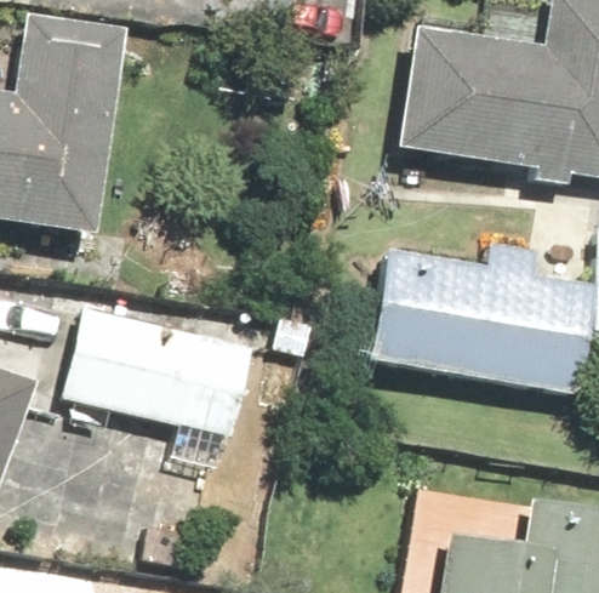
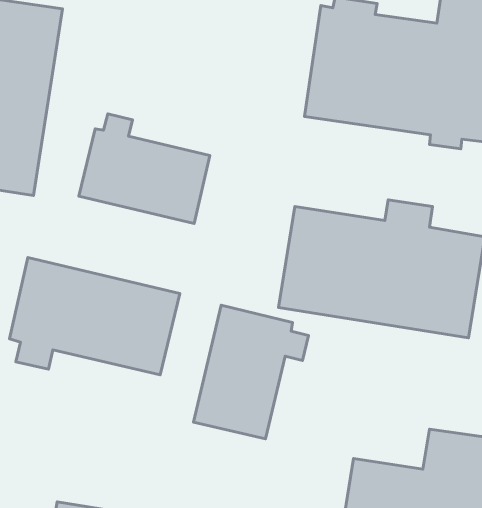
building: none -> [79,114,210,224]
building: none -> [194,305,308,439]

